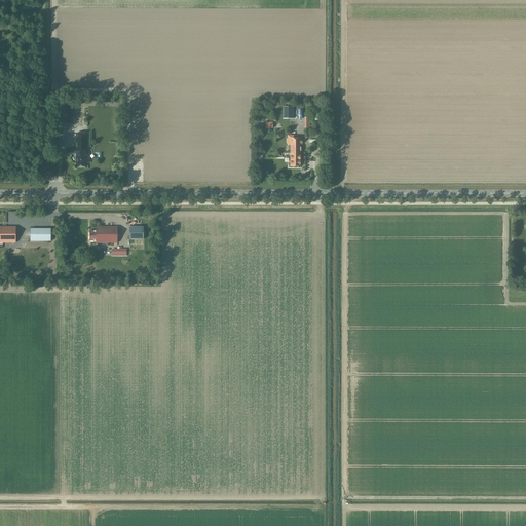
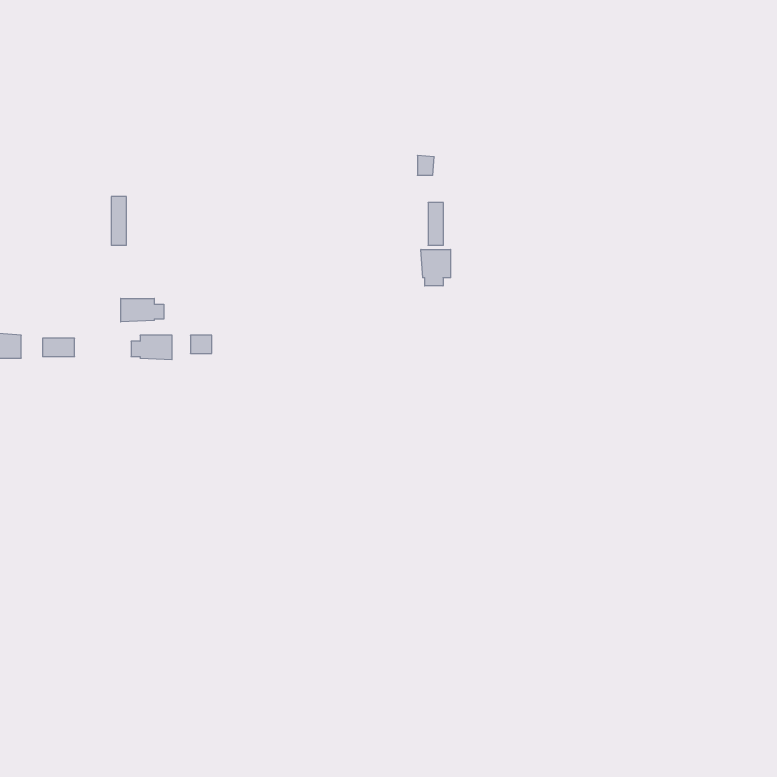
building: none -> [421,249,451,286]
building: none -> [121,298,164,322]

